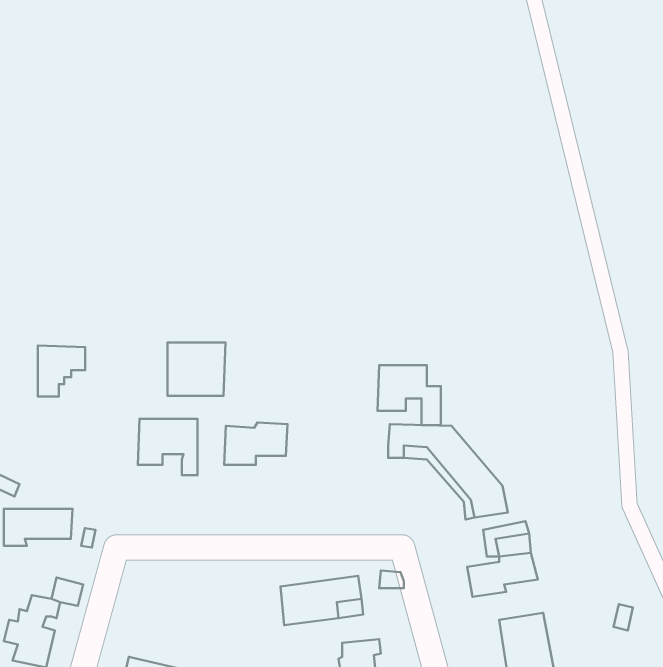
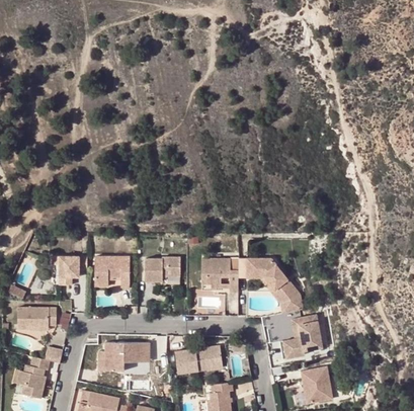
building: [168,343,226,396] -> none
building: [38,346,85,397] -> [60,254,87,283]
building: [377,365,441,425] -> [201,258,238,293]
building: none -> [105,341,150,369]

